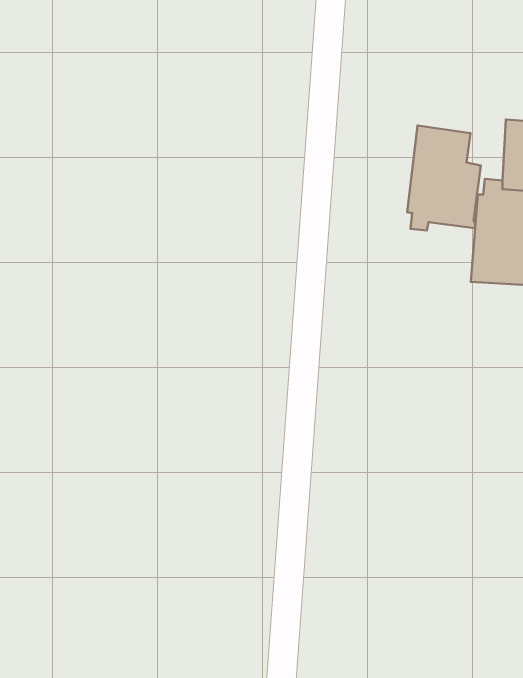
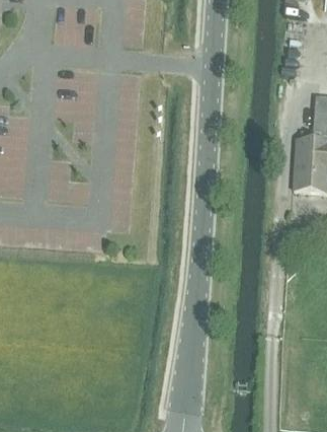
building: [407,126,481,231] -> none

